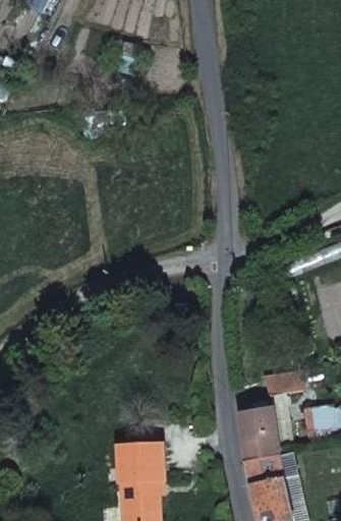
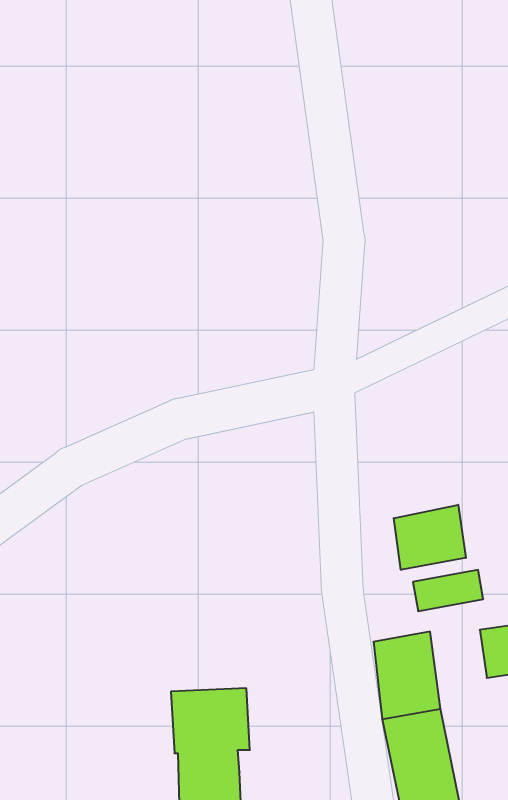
building: none -> [394,505,466,570]

